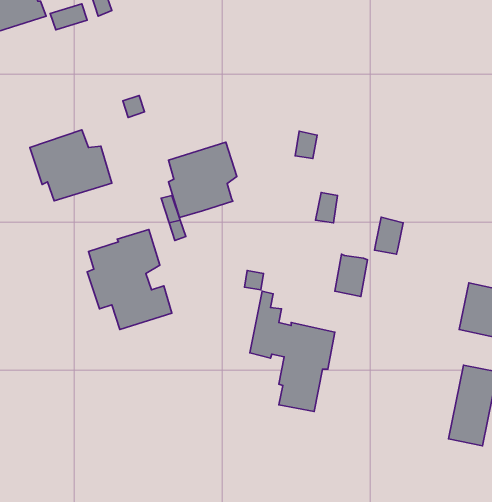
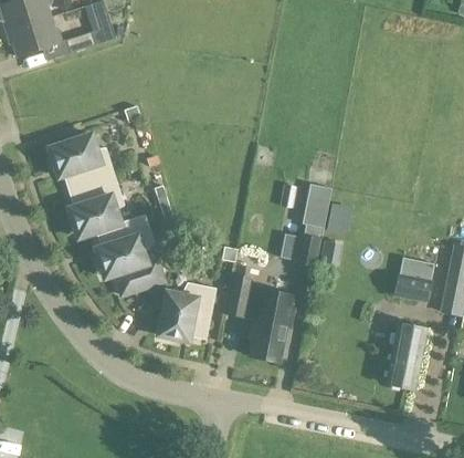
building: [168,142,237,218] -> [68,176,124,237]
building: none -> [302,184,330,237]
building: none -> [157,282,217,341]

